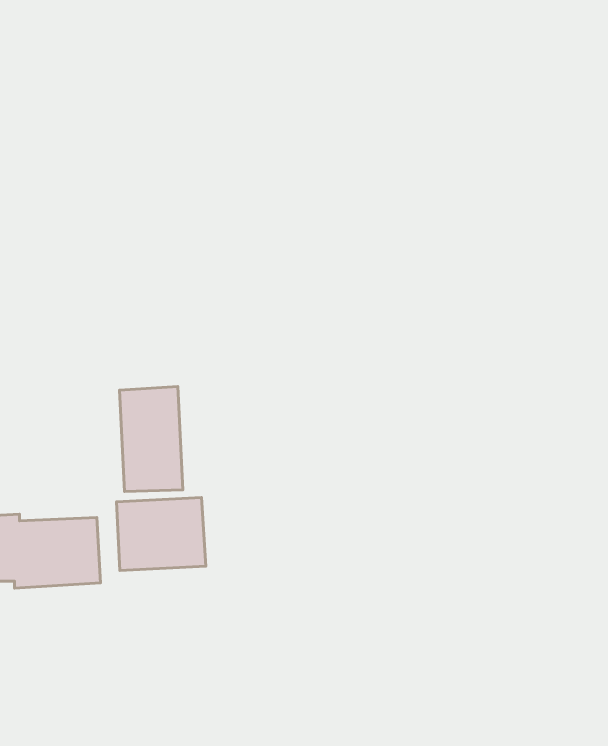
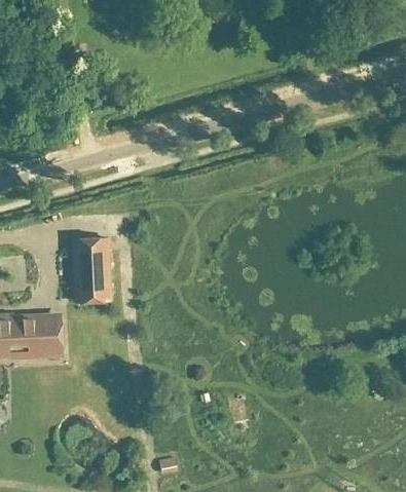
building: [117,498,206,570] -> none

